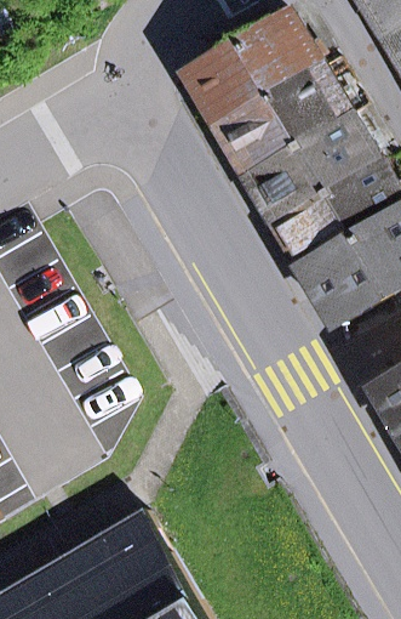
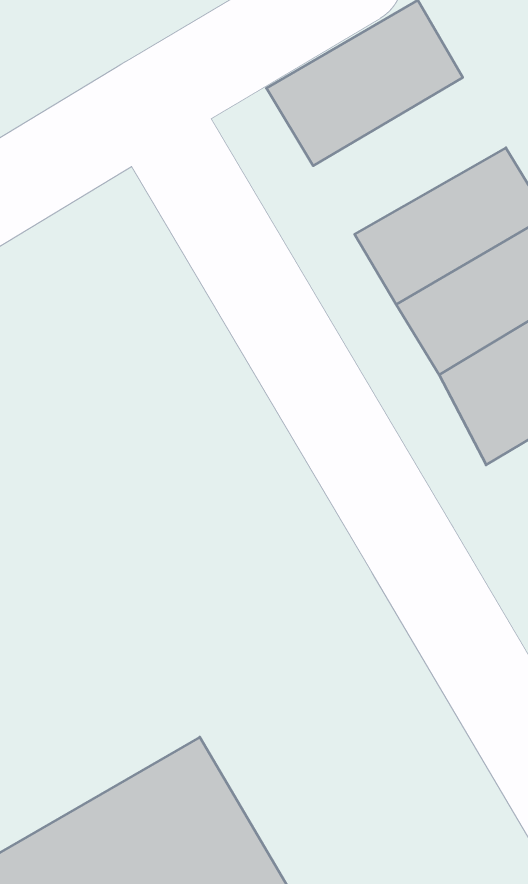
building: [219,64,349,170] -> none

